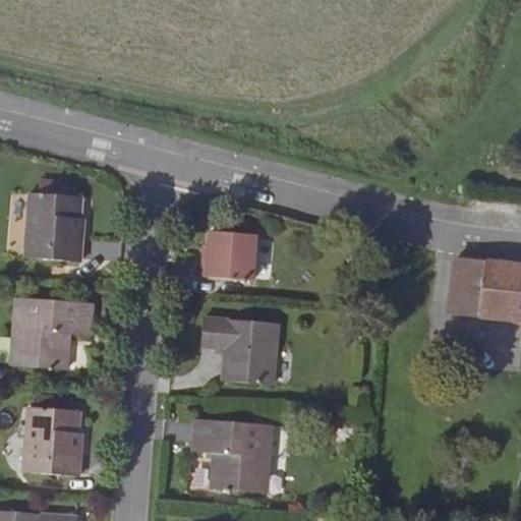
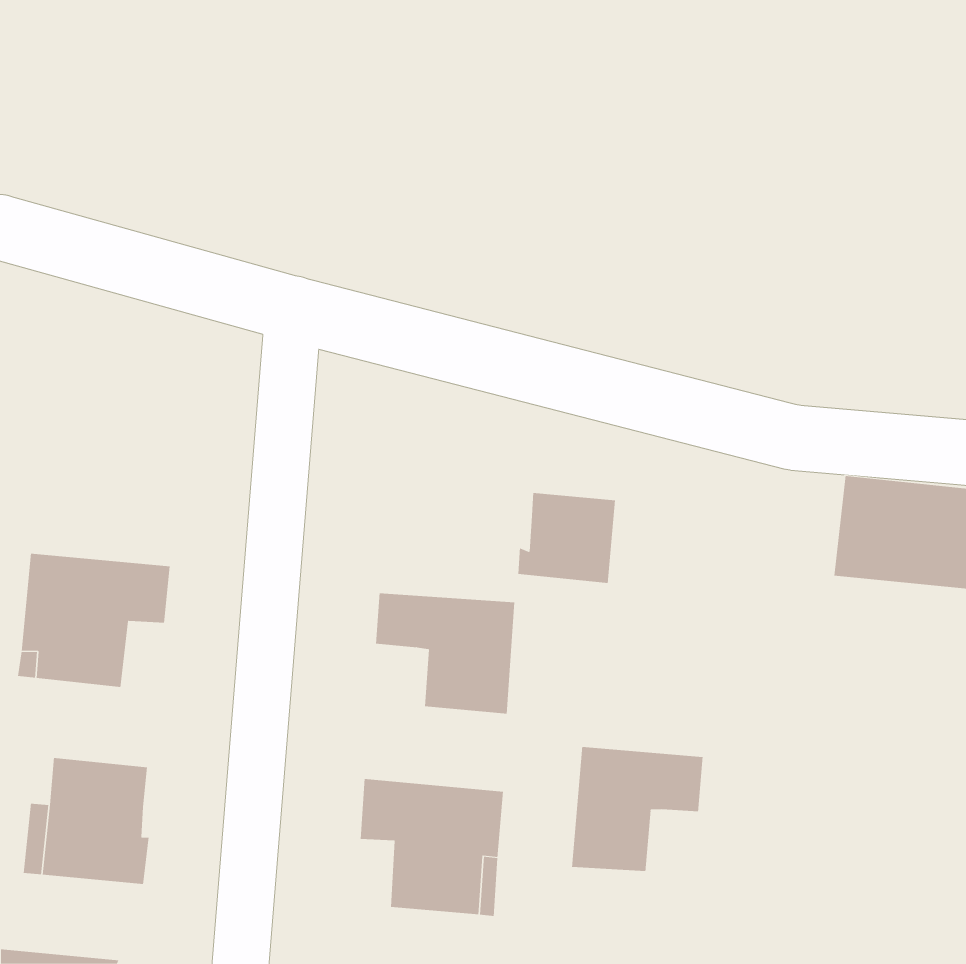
building: [25,193,82,262] -> none
building: [202,232,255,281] -> [517,493,616,584]
building: none -> [571,746,703,872]

